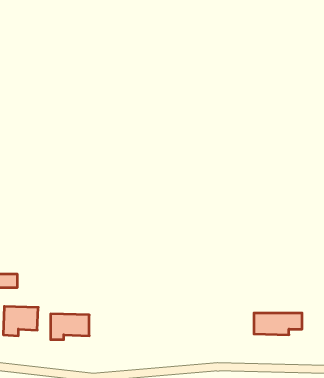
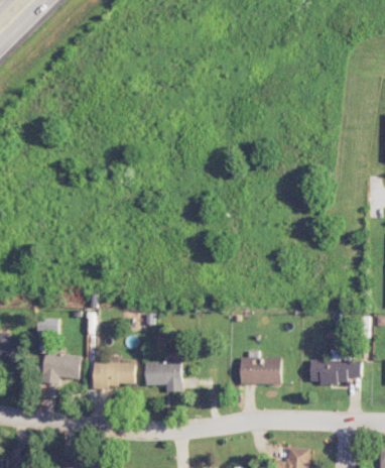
building: none -> [240,358,281,384]
building: none -> [144,361,181,392]

